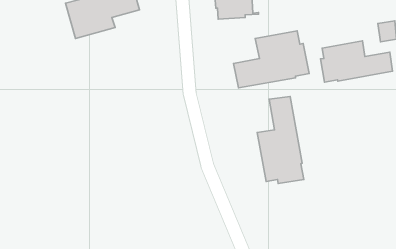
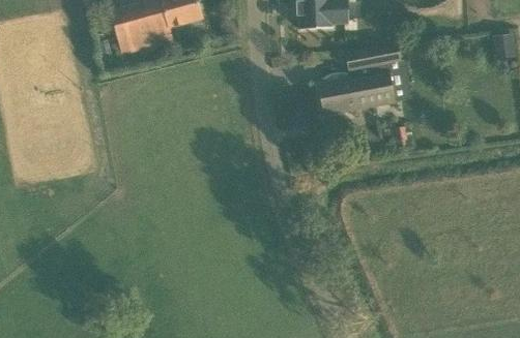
building: [321,41,393,82] -> none
building: [257,96,304,184] -> none

